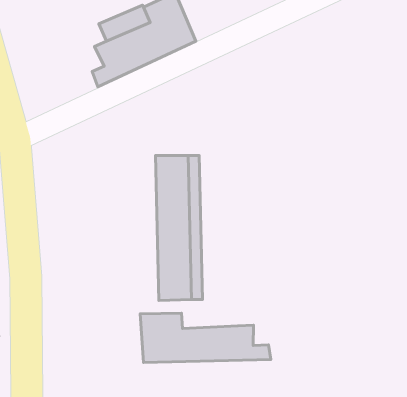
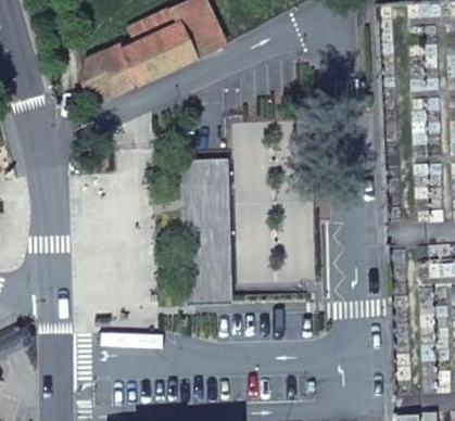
building: none -> [85,43,134,105]
building: [140,313,271,362] -> none

